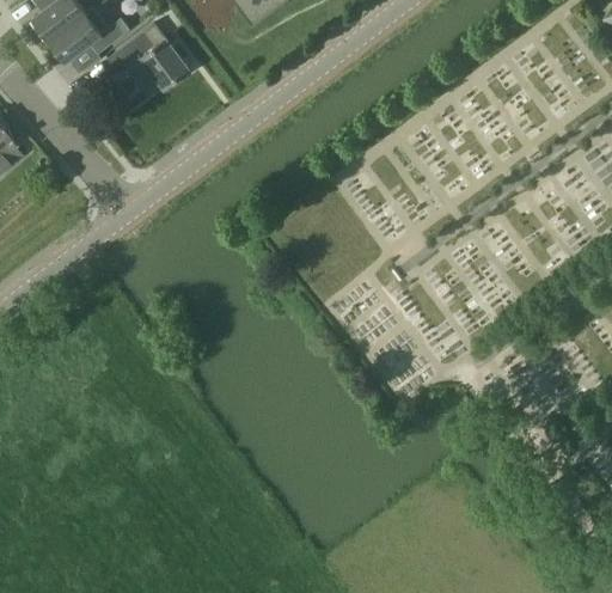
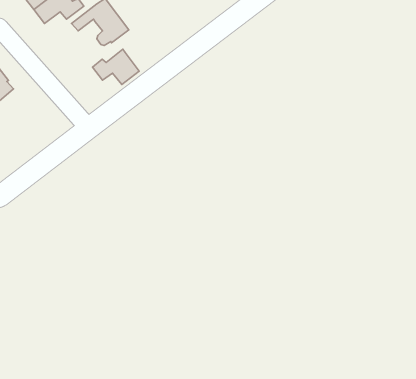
building: none -> [92,49,139,84]

